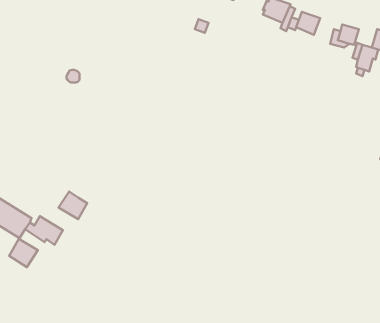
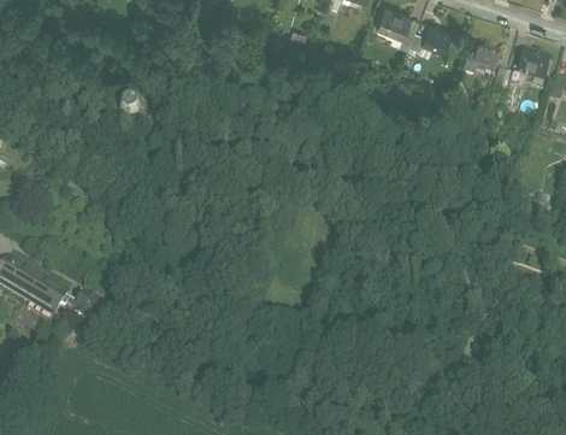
building: [58,192,87,219] -> none
building: [9,239,38,267] -> none

